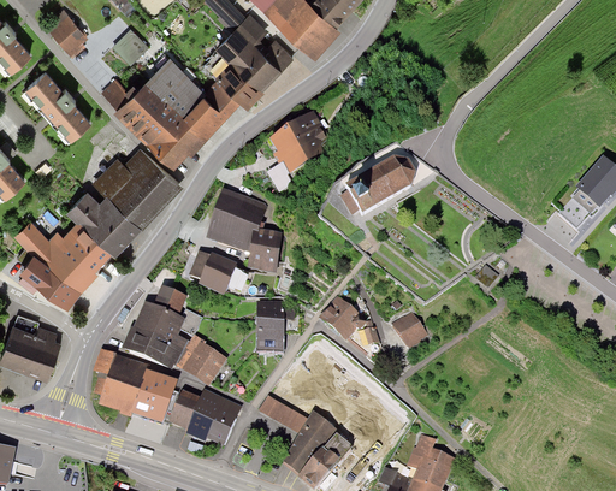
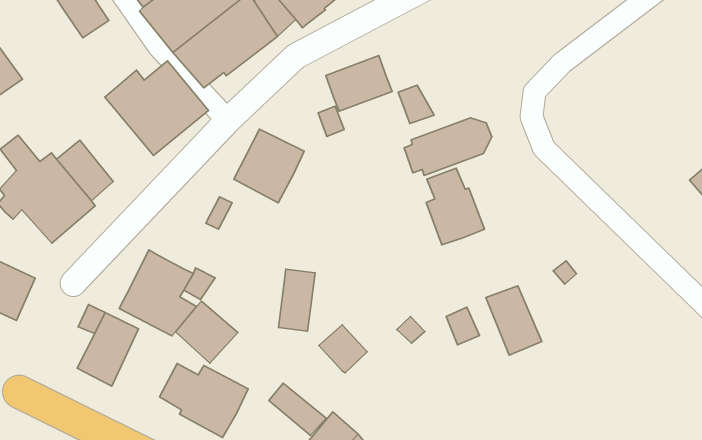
building: none -> [398,85,434,123]
building: [69,190,141,254] -> none
building: none -> [426,168,484,245]
building: [244,225,279,265] -> none
building: [200,253,231,289] -> none
building: [155,285,186,314] -> none
building: none -> [486,286,542,355]
building: [320,300,360,338] -> [319,325,367,373]
building: [131,367,176,425] -> none

